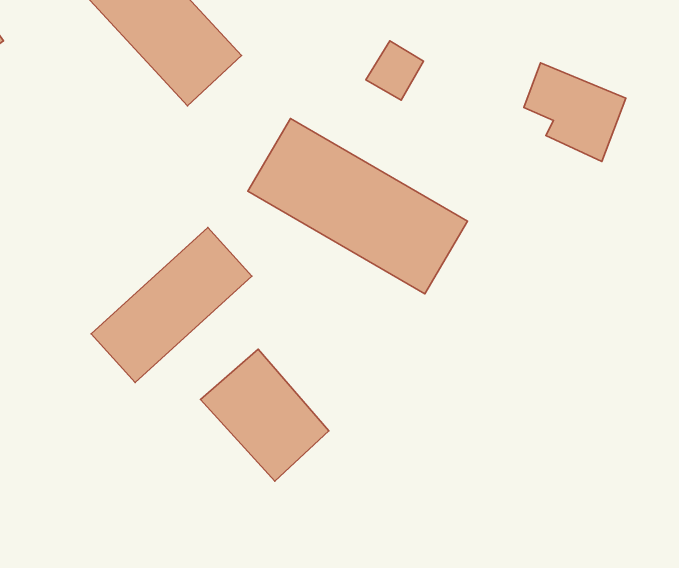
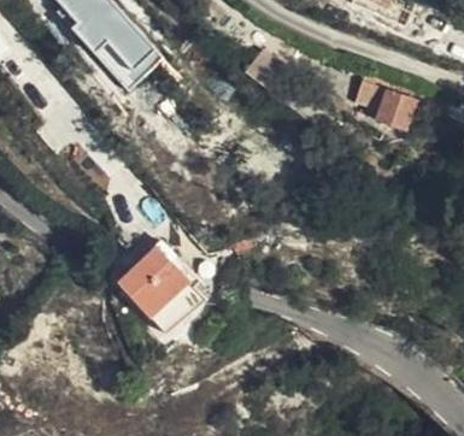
building: [248,118,468,294] -> none
building: [91,227,252,382] -> none

